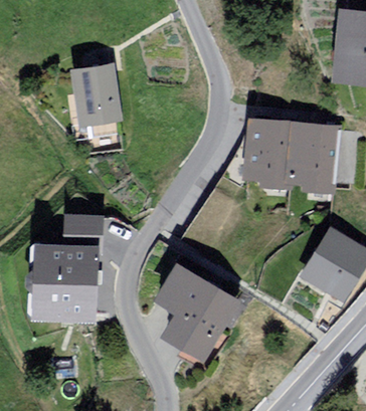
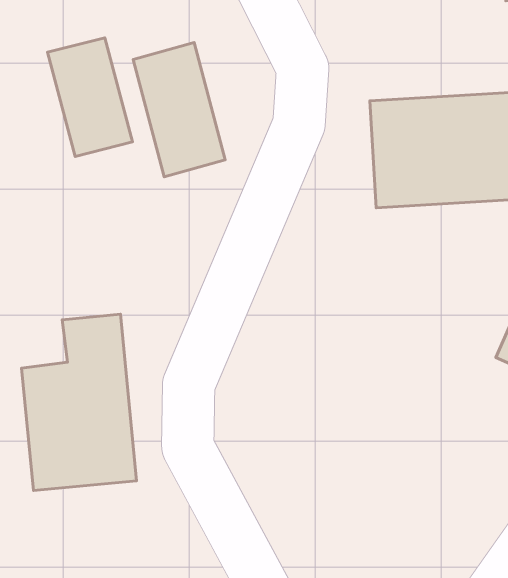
building: none -> [133,43,225,177]
building: [160,265,233,354] -> none

